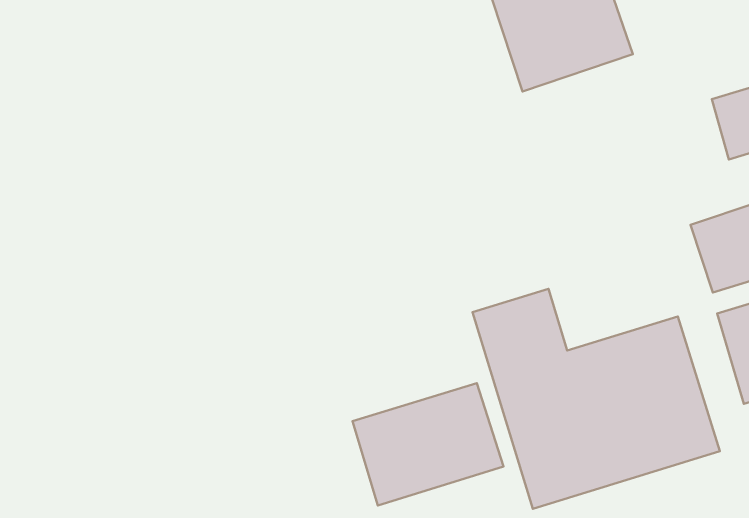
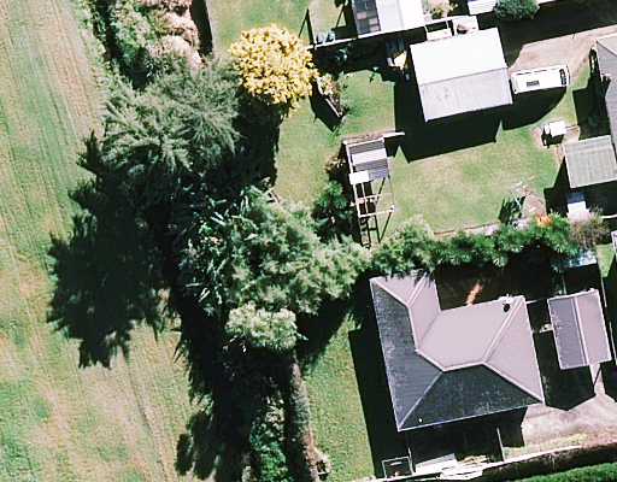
building: [352,383,504,505] -> none

